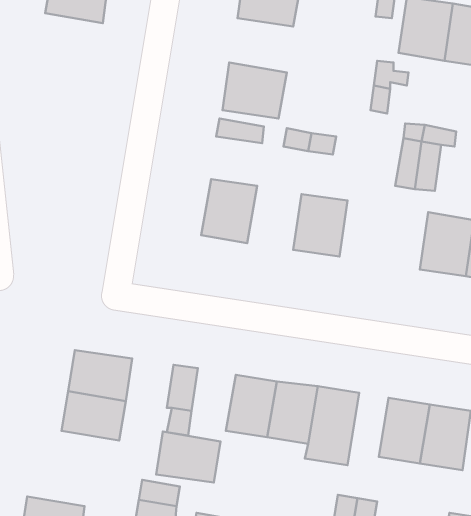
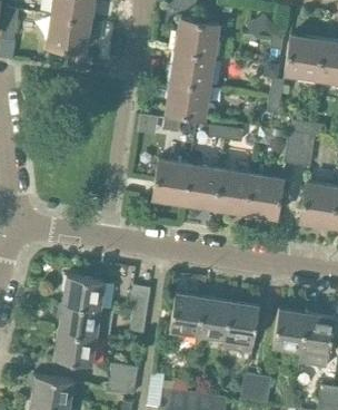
building: none -> [171,51,215,88]
building: none -> [183,165,220,208]
building: none -> [246,175,282,218]
building: [156,432,220,483] -> [53,331,97,365]

